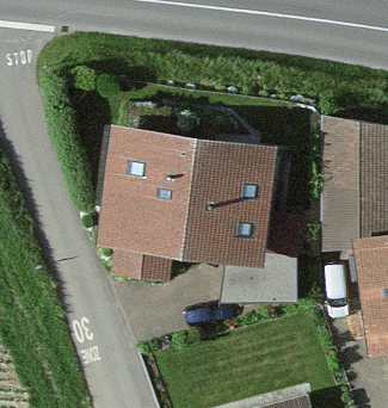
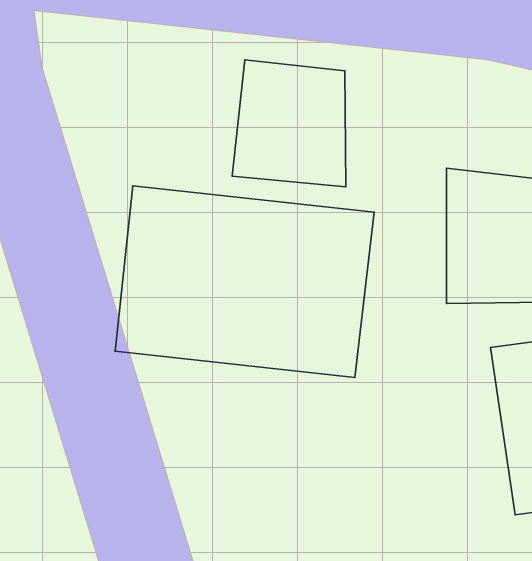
building: none -> [232,60,346,187]

